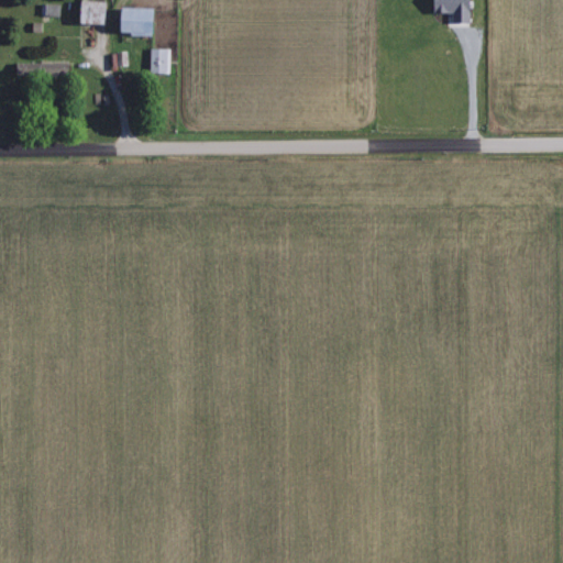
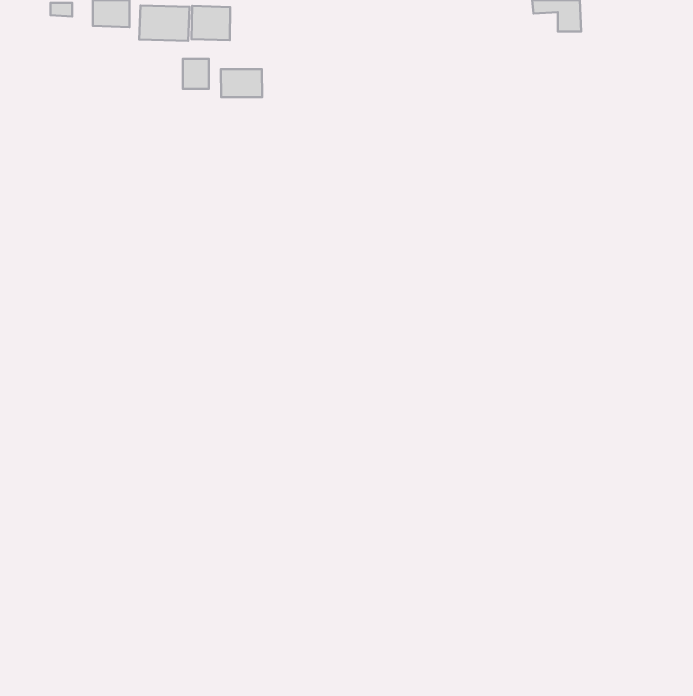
building: none -> [192,6,230,40]
building: none -> [221,69,262,97]

